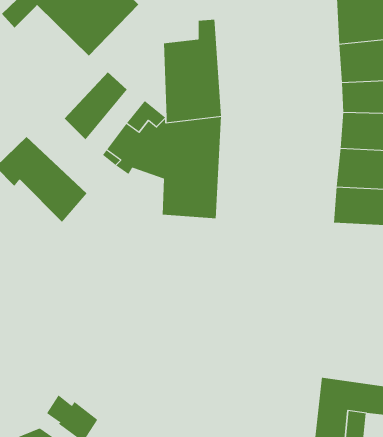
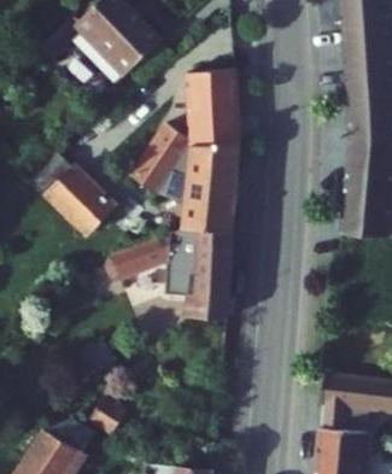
building: [64,71,128,140] -> none
building: none -> [115,228,232,320]

